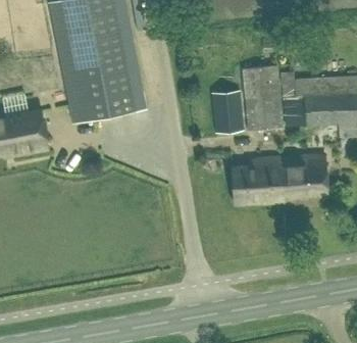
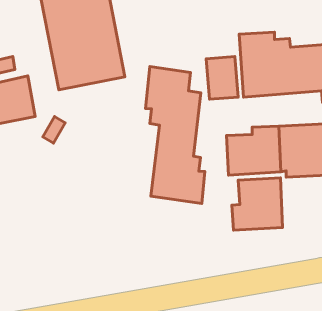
building: none -> [145,67,205,204]
building: none -> [232,178,283,230]

